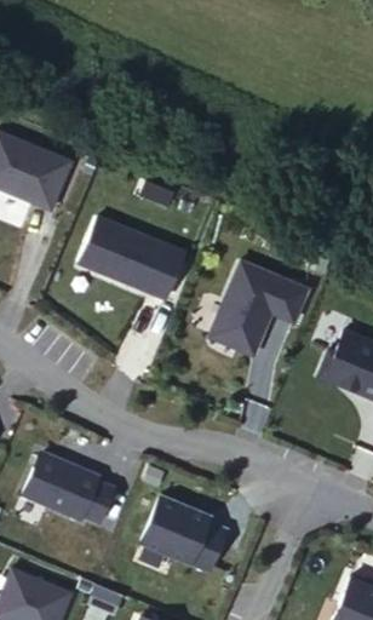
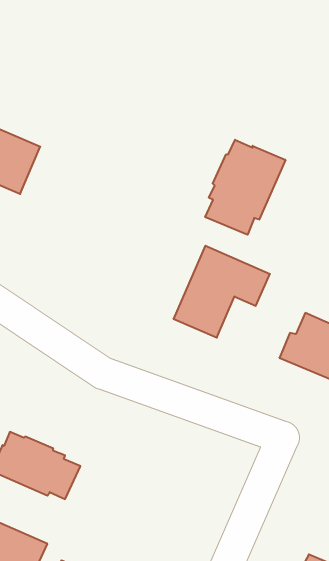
building: none -> [205,140,285,235]
building: [80,220,187,303] -> none
building: [138,499,225,575] -> none

